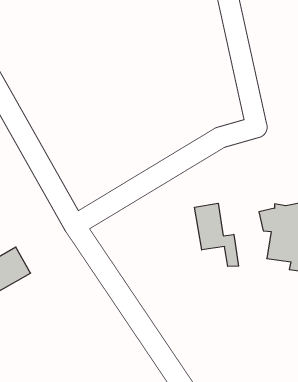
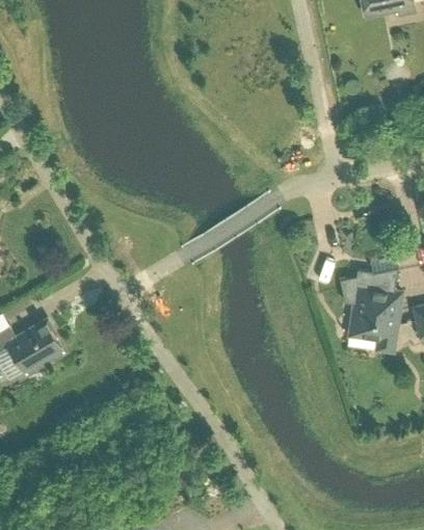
building: [195,203,239,266] -> none

